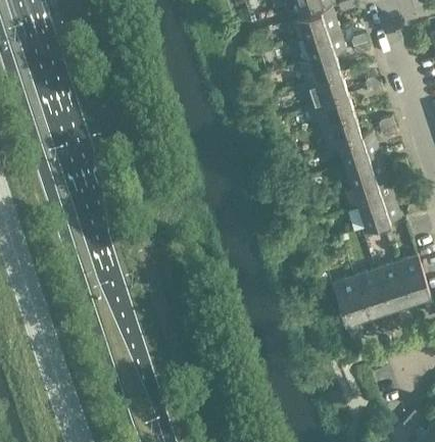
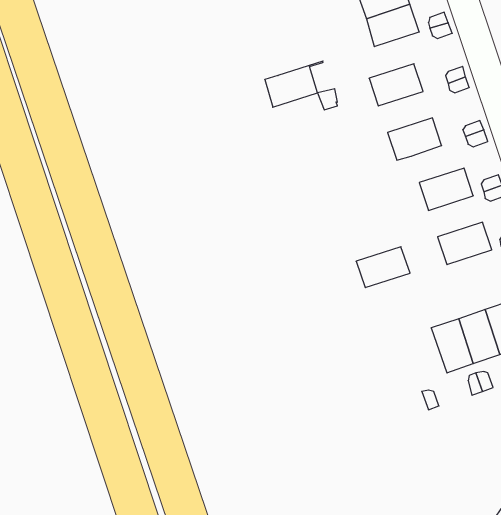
building: [297,48,342,84] -> [265,61,323,107]
building: [310,94,352,126] -> none
building: [336,133,377,164] -> none
building: [349,175,391,206] -> [356,247,410,288]
building: [330,277,364,318] -> none

